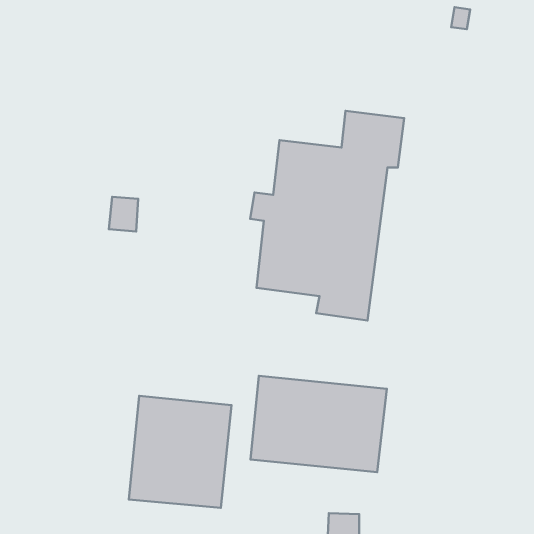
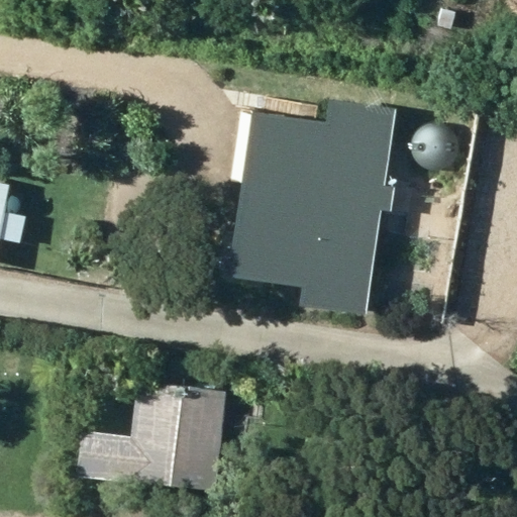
building: [251,376,387,472] -> none

